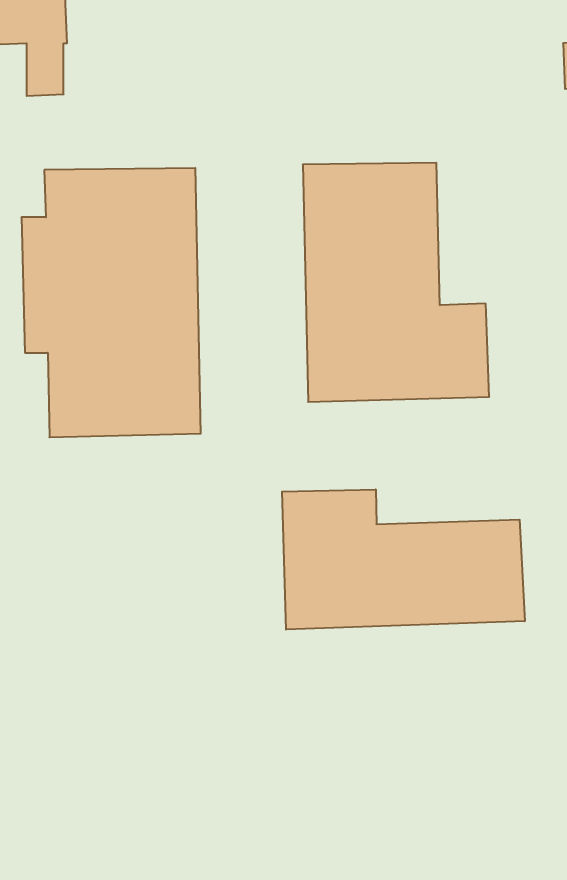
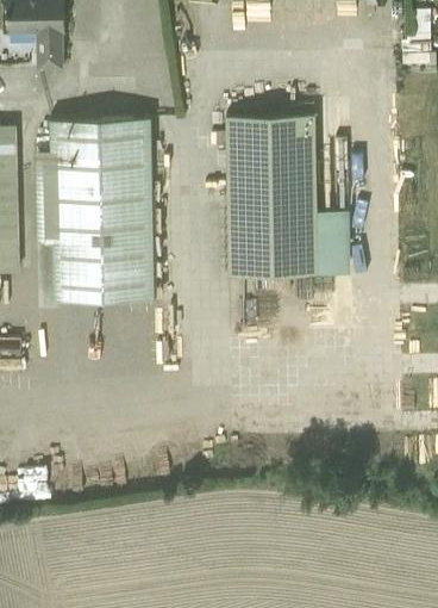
building: [282,489,525,630] -> none

